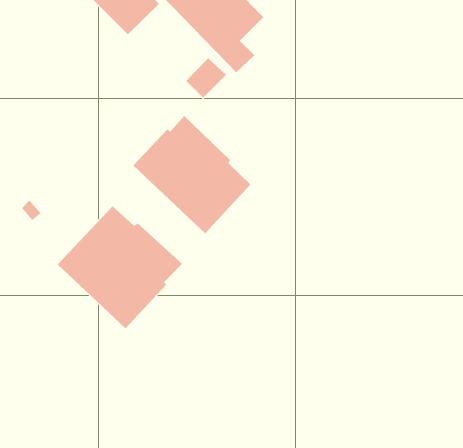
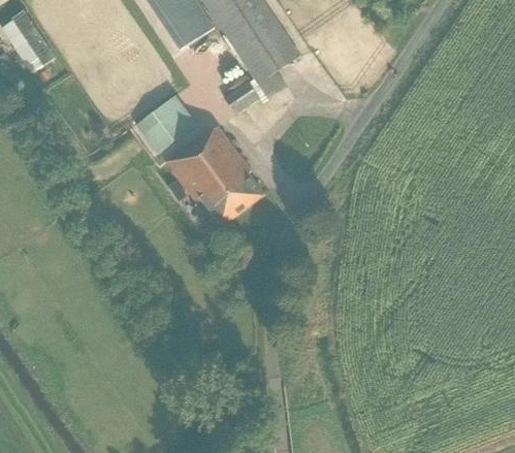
building: none -> [136,95,197,153]
building: [57,206,183,329] -> none

